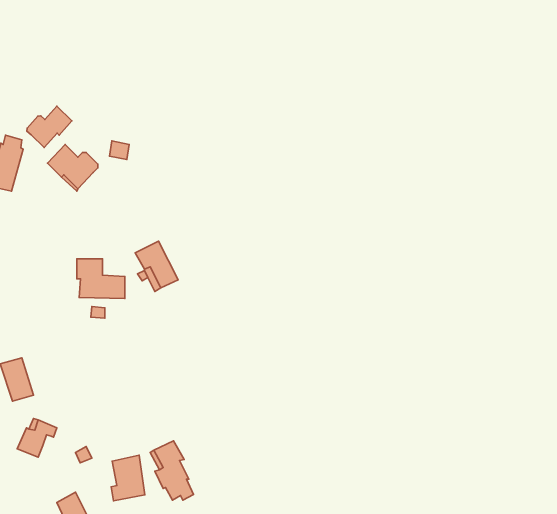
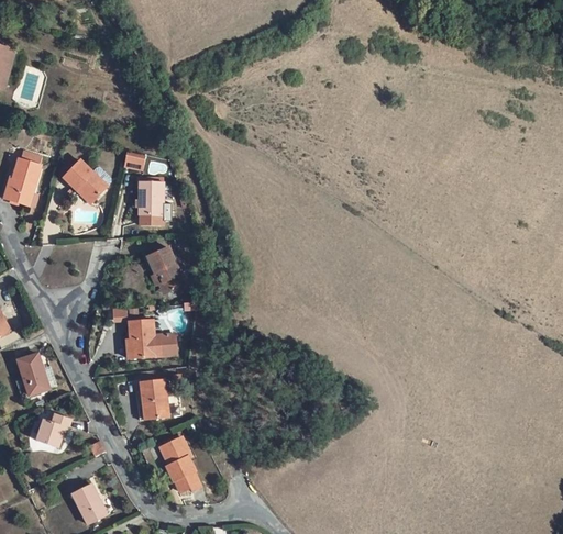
building: [27,106,72,148] -> none
building: none -> [139,174,170,220]
building: [77,259,125,299] -> [120,319,165,356]
building: [111,455,145,501] -> [137,379,169,422]

